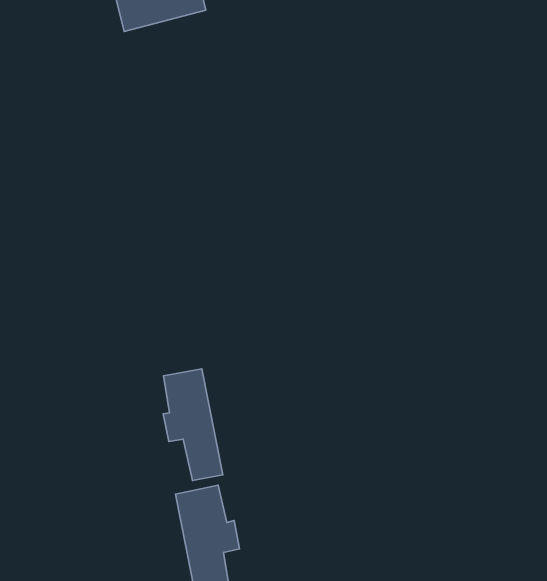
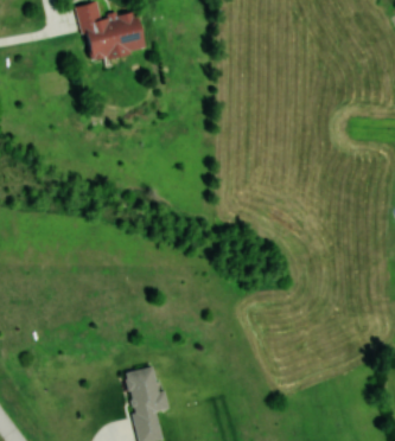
building: [163,369,223,480] -> none

